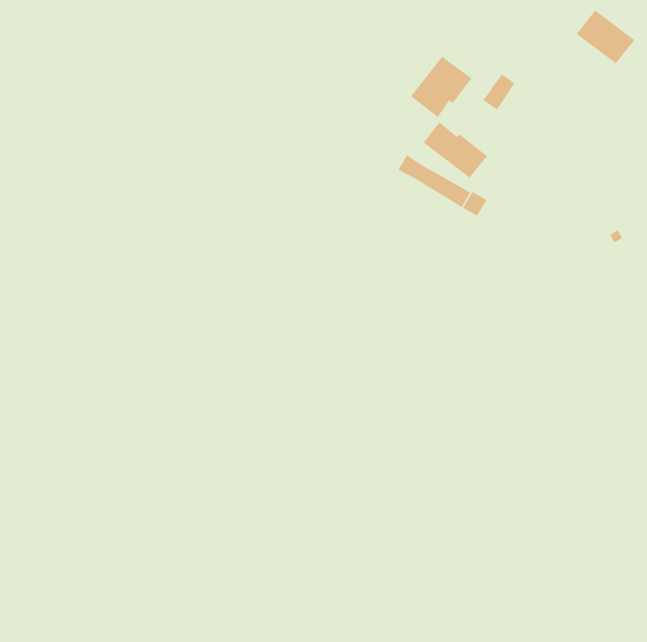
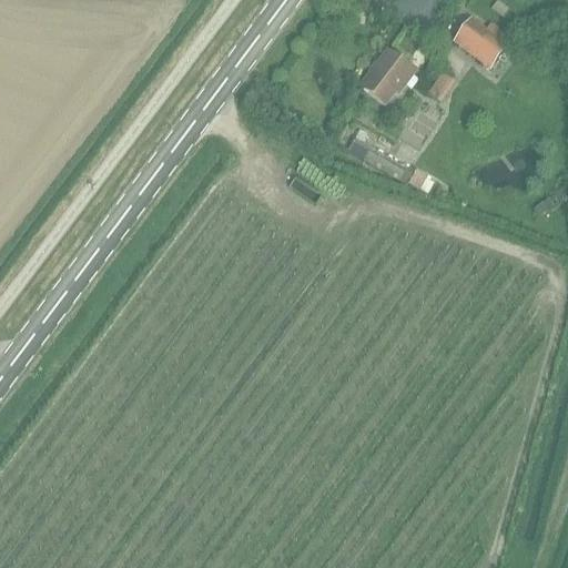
building: [576,10,635,64] -> [454,18,506,65]
building: [423,121,488,179] -> none

